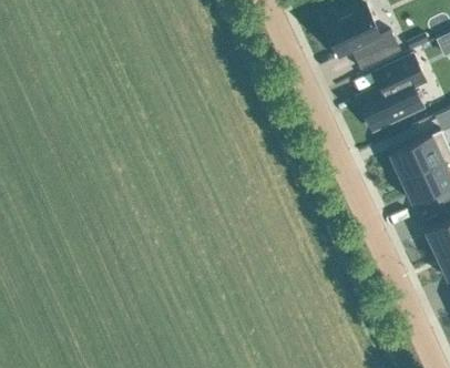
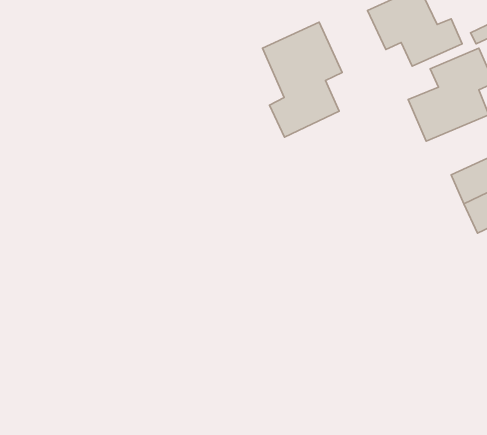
building: none -> [262,22,342,137]

